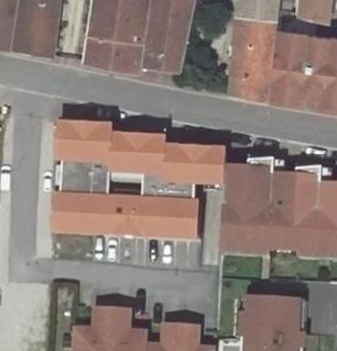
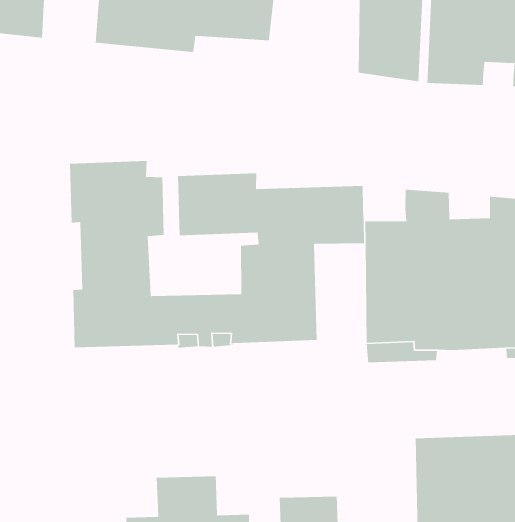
building: [102,136,164,206] -> none

